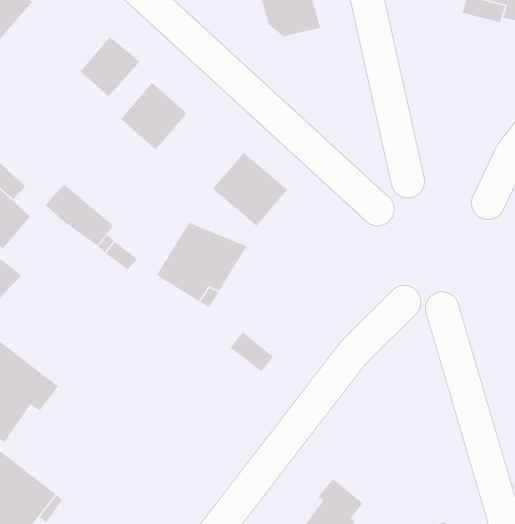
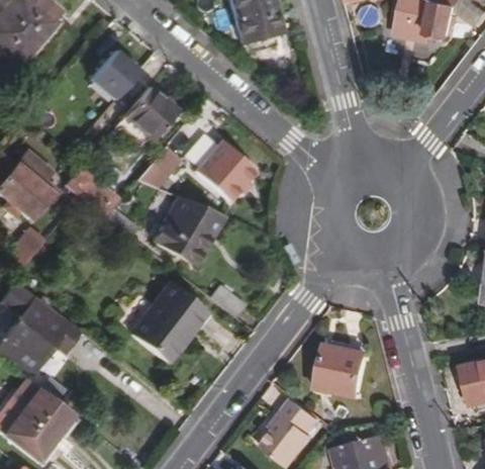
building: none -> [136,146,181,188]
building: none -> [130,283,206,362]
building: none -> [317,347,366,397]

